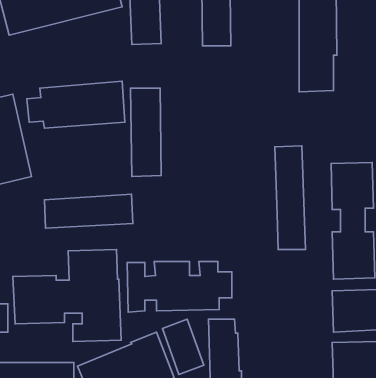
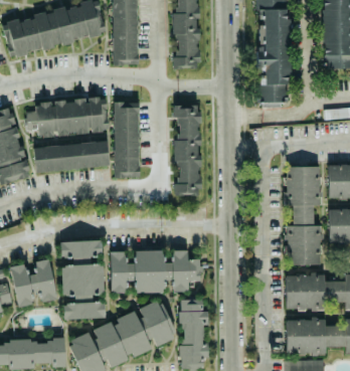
building: [275,146,305,249] -> [175,105,201,193]
building: [44,194,133,228] -> [34,142,110,171]

